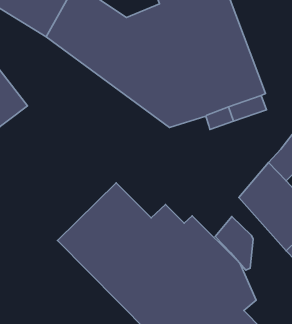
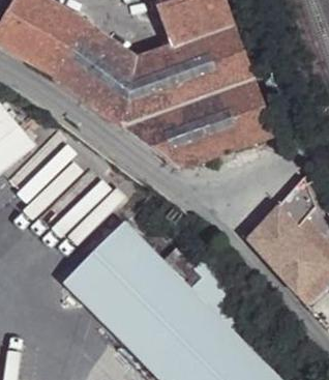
building: [215,217,253,270] -> none

